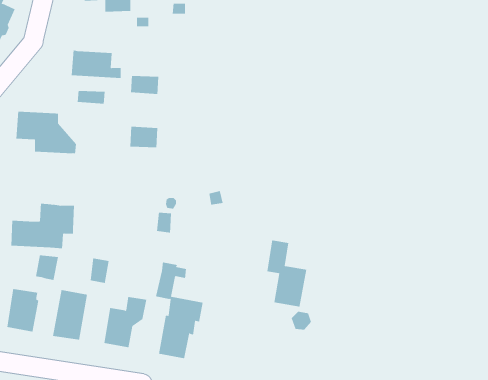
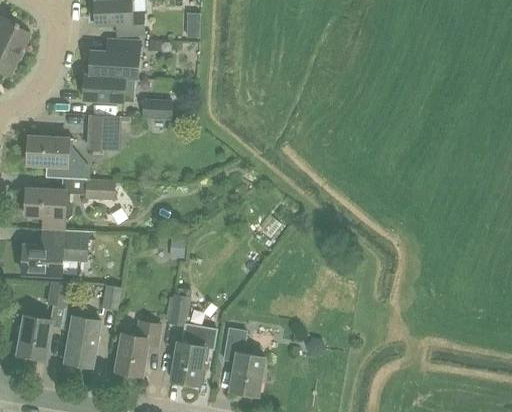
building: none -> [90,39,140,78]
building: [129,126,158,148] -> [88,127,117,149]
building: none -> [84,179,115,200]
building: none -> [24,188,66,218]
building: [267,240,307,307] -> [224,328,265,396]

